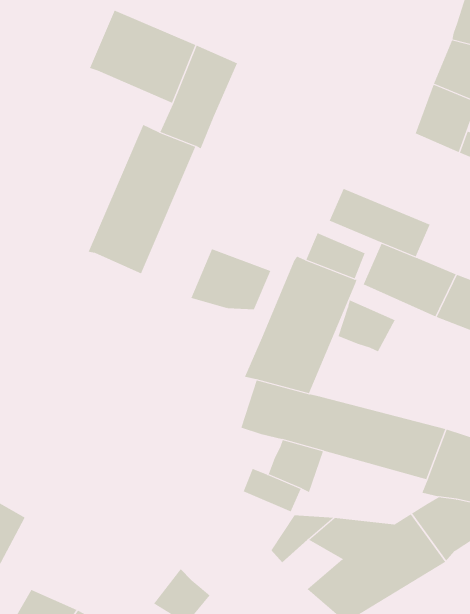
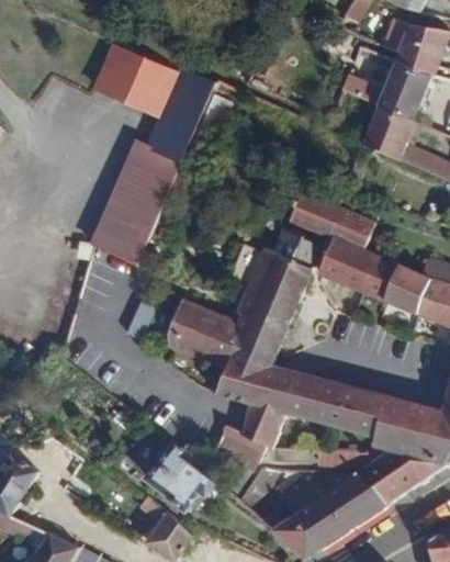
building: [191,249,271,310] -> [165,300,233,351]
building: [338,300,395,352] -> none
building: none -> [147,440,214,509]

